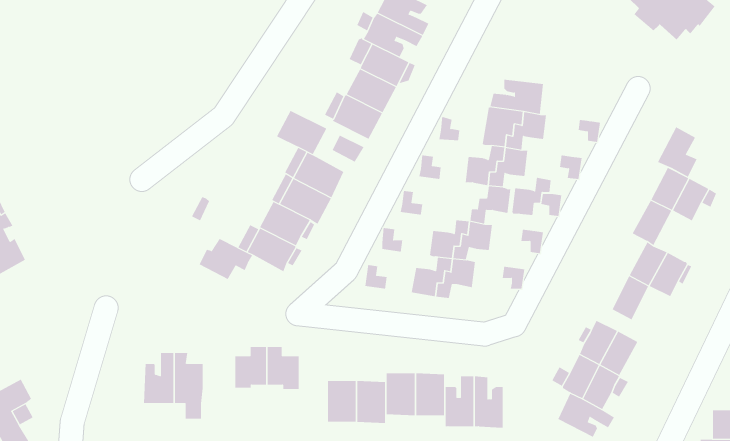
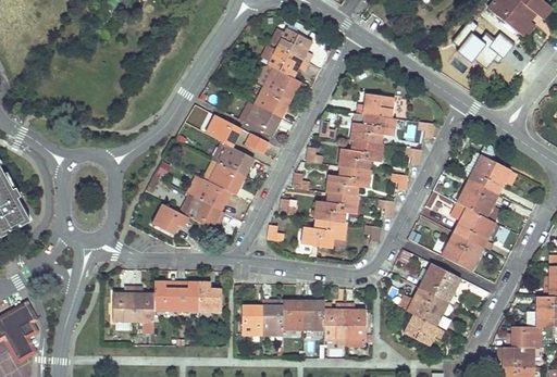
building: [657,127,697,178] -> [471,186,499,222]
building: [511,177,552,216] -> [326,166,355,193]
building: none -> [456,239,483,271]
building: none -> [154,280,176,311]

